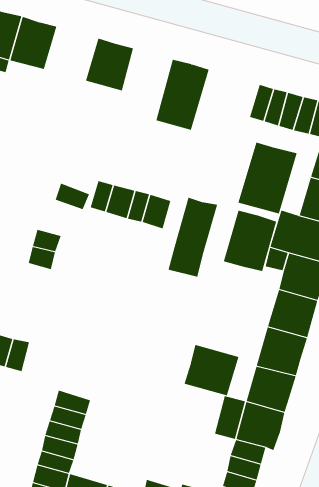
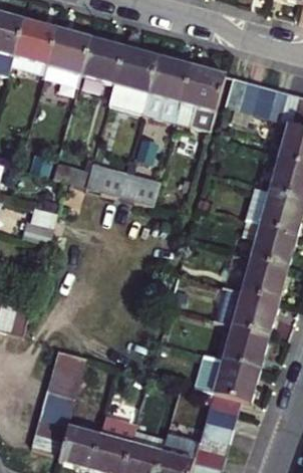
building: none -> [43,26,90,74]
building: none -> [107,45,157,109]
building: [238,142,298,214] -> [174,64,227,129]
building: [168,197,218,277] -> none
building: [223,210,277,272] -> none
building: [184,344,239,396] -> none

